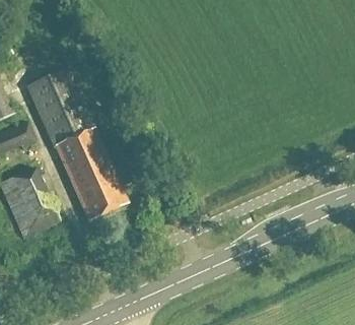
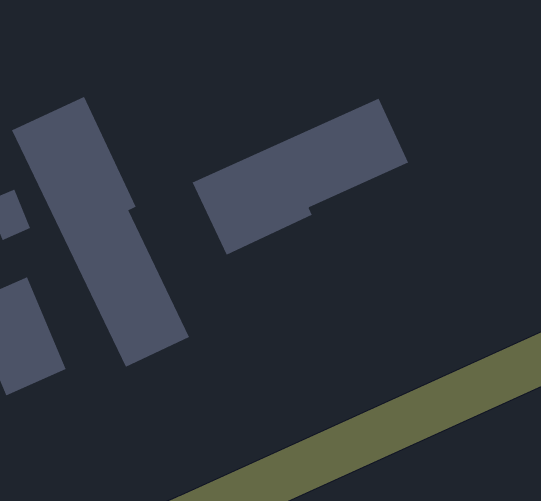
building: none -> [192,98,409,255]

